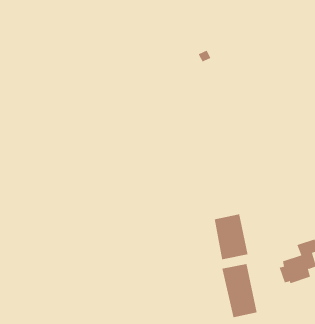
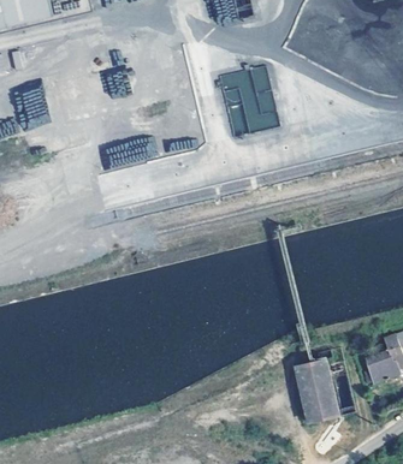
building: [214,214,248,260] -> none

